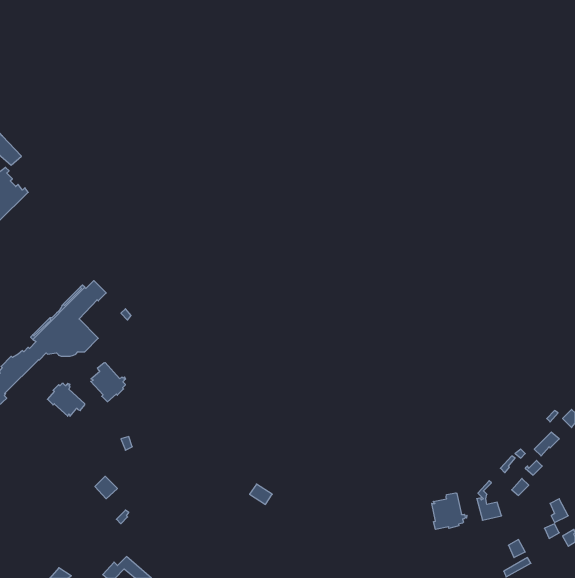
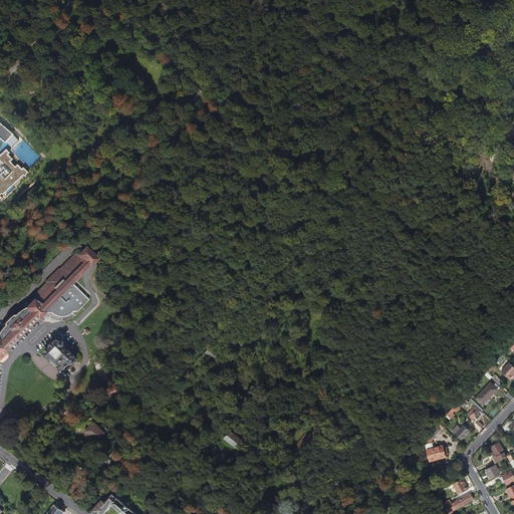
building: [91,363,125,402] -> none
building: [432,493,467,529] -> none

